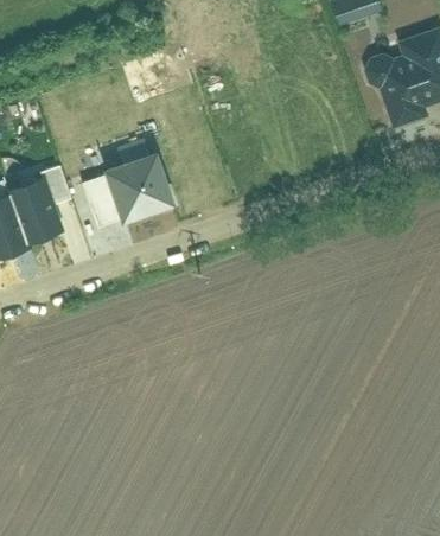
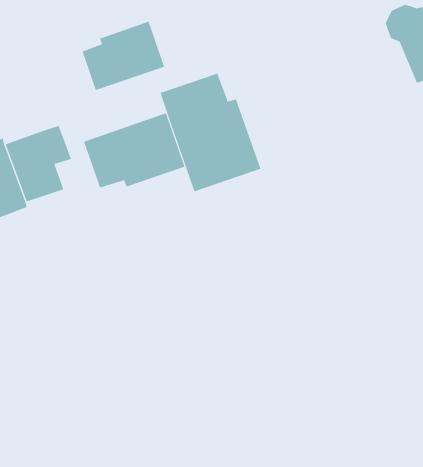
building: none -> [82,21,165,91]
building: none -> [160,73,261,192]

